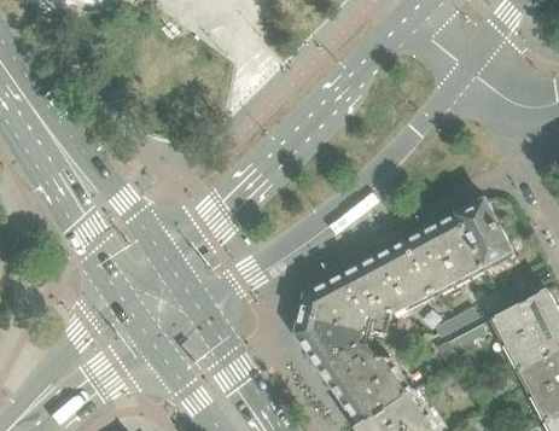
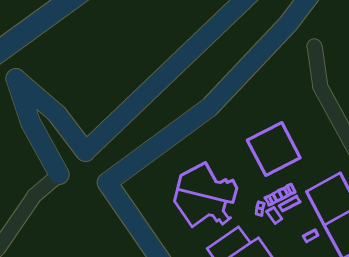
building: [456,199,513,267] -> none
building: [342,240,432,314] -> none
building: [321,353,391,403] -> none

